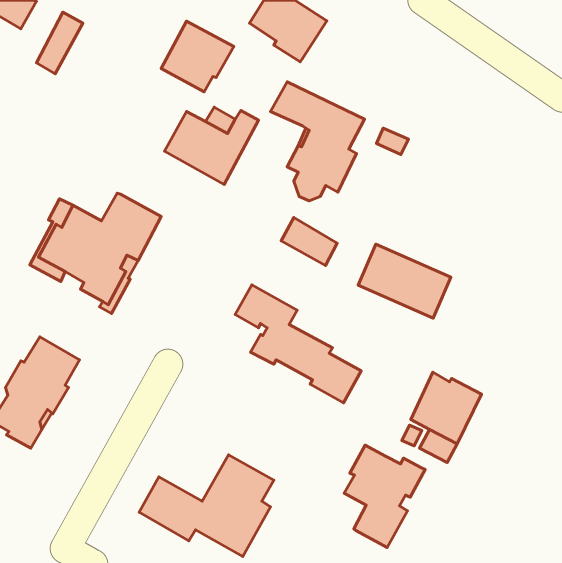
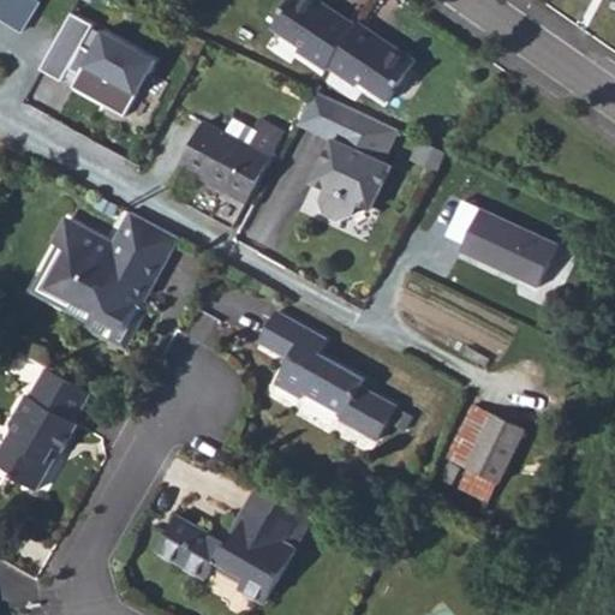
building: none -> [329,20,416,98]
building: [161,21,234,92] -> [79,35,159,112]
building: [281,218,337,266] -> none
building: [358,244,451,318] -> [459,208,560,288]
building: [344,445,425,548] -> none

